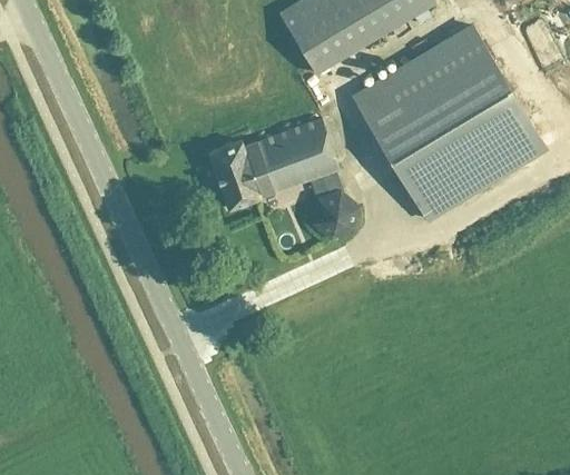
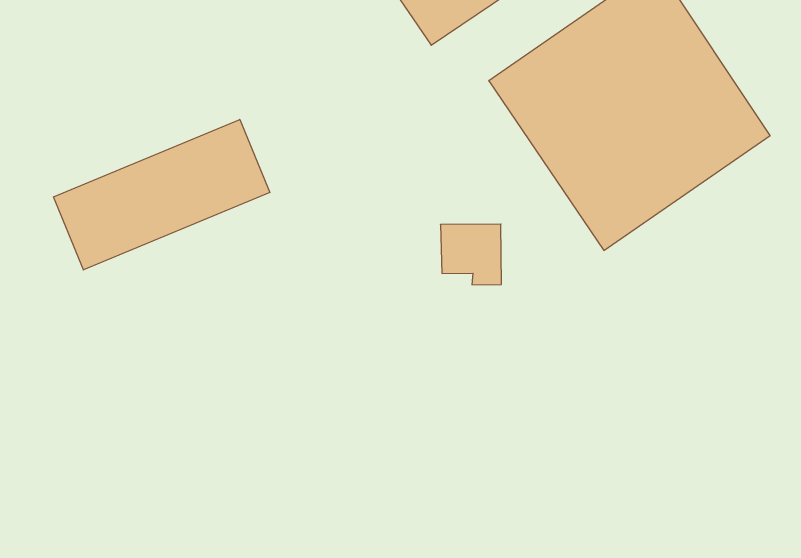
building: none -> [53,119,270,270]
building: [207,119,337,209] -> none

